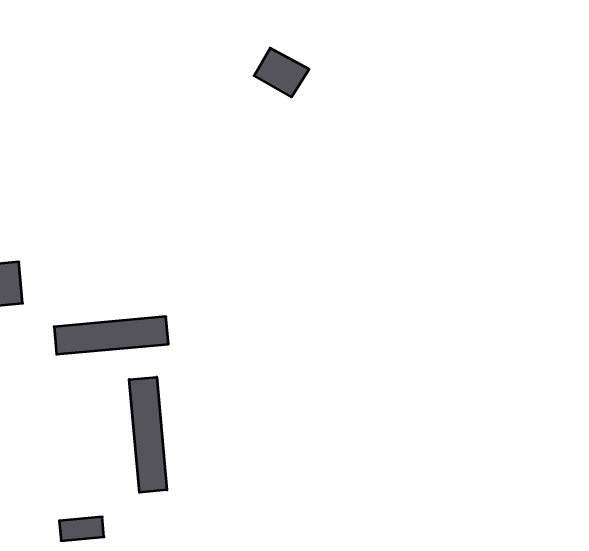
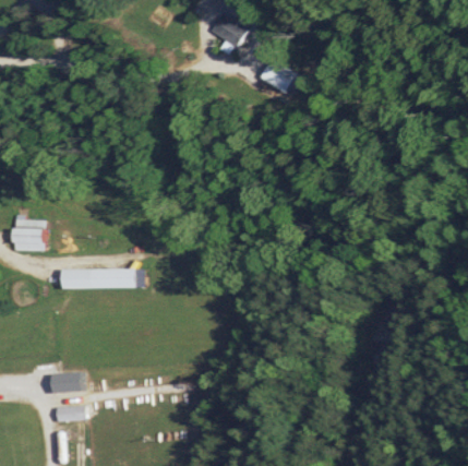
building: [254,48,309,97] -> [260,59,299,95]
building: [129,377,167,492] -> none

